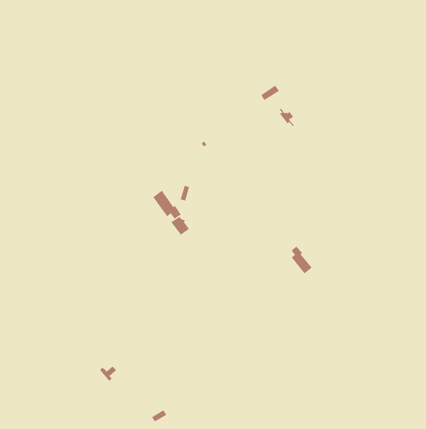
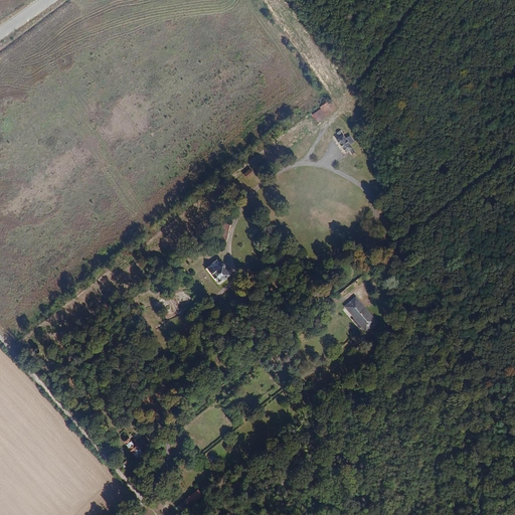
building: [152,190,181,219] -> none

